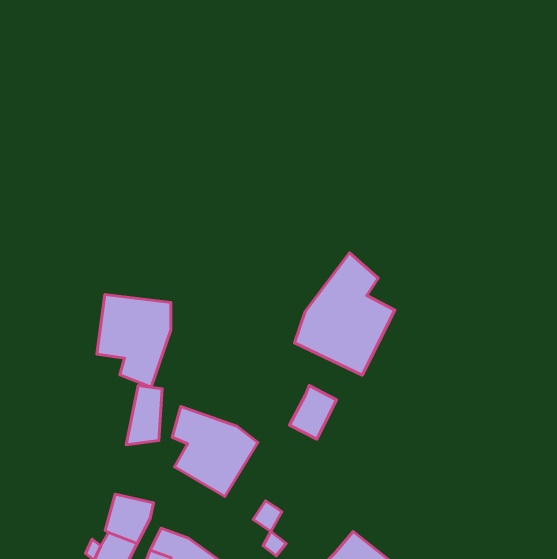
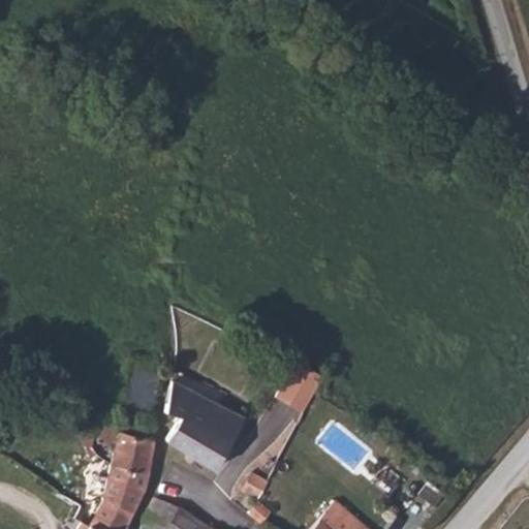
building: [295,253,395,375] -> none
building: [97,295,171,387] -> none
building: none -> [98,427,156,475]

